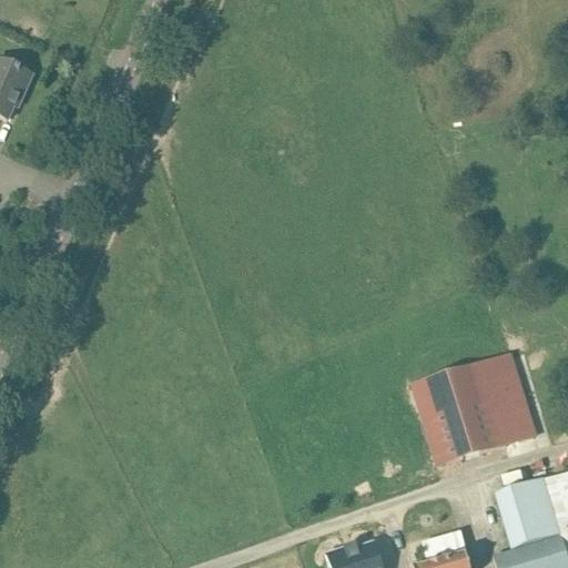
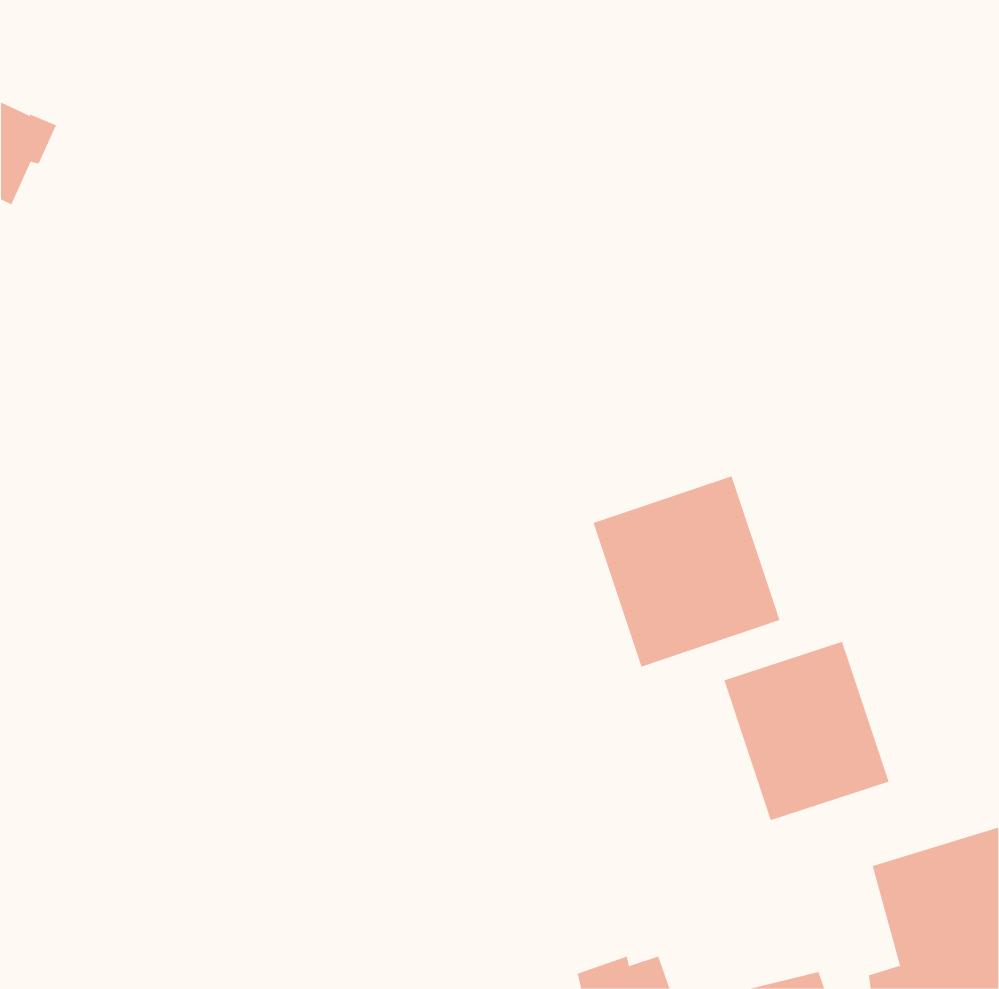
building: none -> [593,475,780,667]
building: [481,364,534,444] -> none

